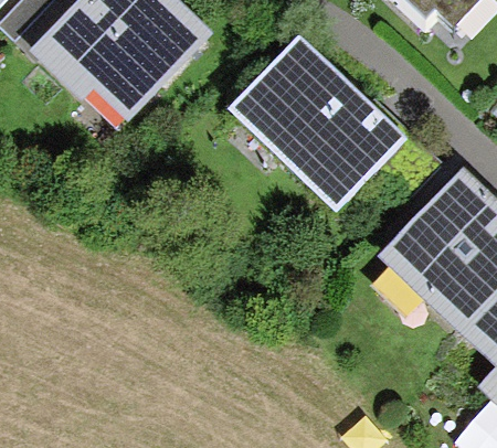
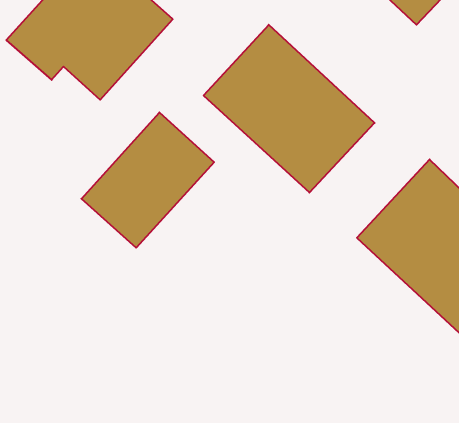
building: none -> [81,112,214,248]

